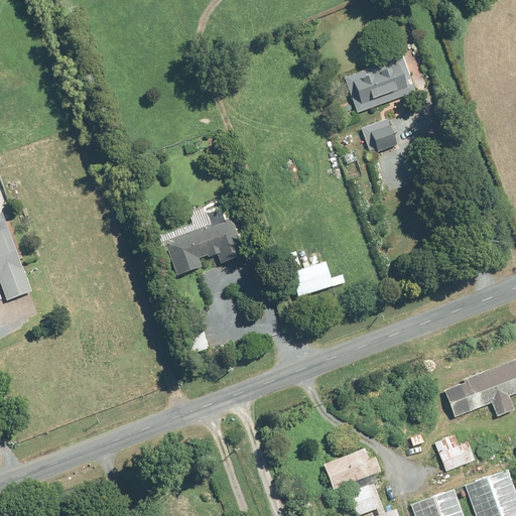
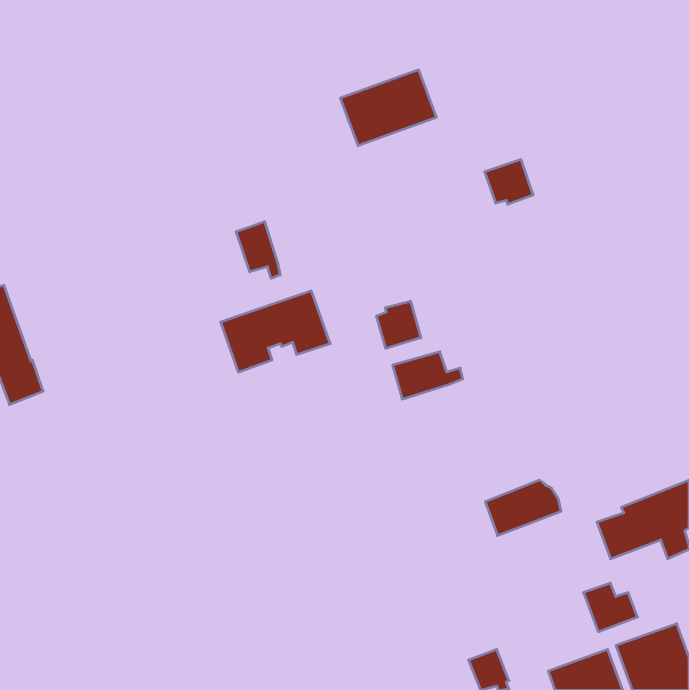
building: [345,56,416,113] -> [340,70,436,146]
building: none -> [236,222,280,278]
building: none -> [377,301,421,348]
building: [325,447,381,489] -> [485,480,561,536]

